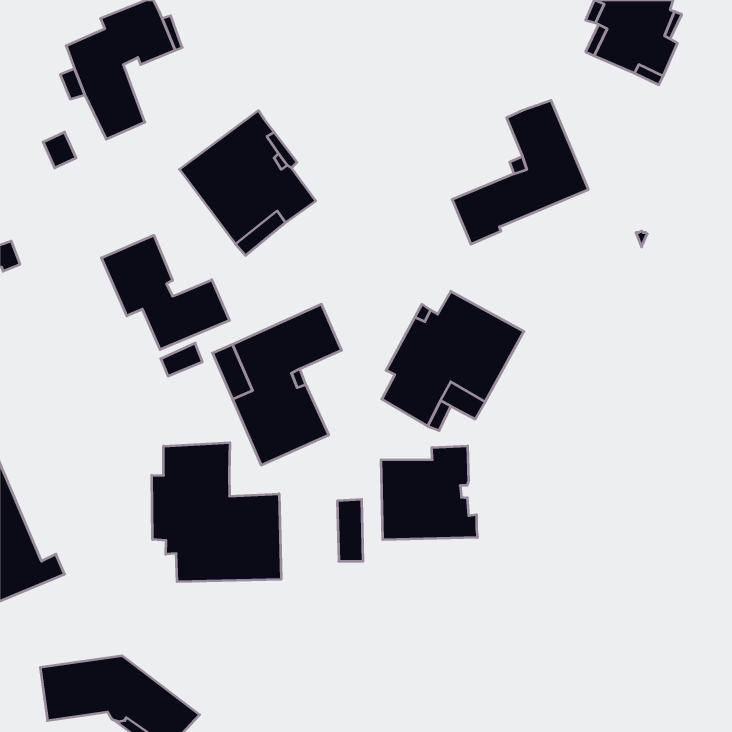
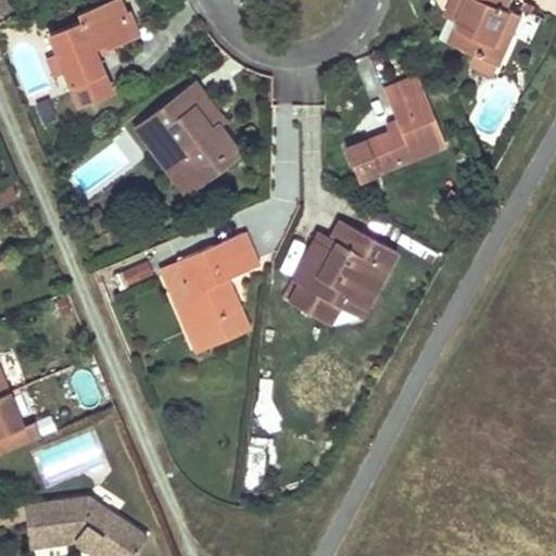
building: [101,235,229,350] -> none
building: [152,443,281,582] -> none
building: [381,446,477,540] -> none

